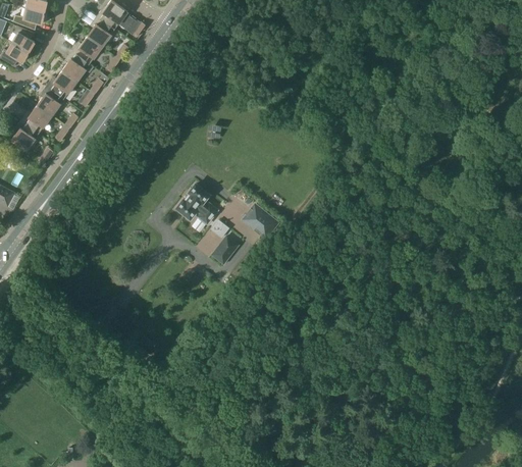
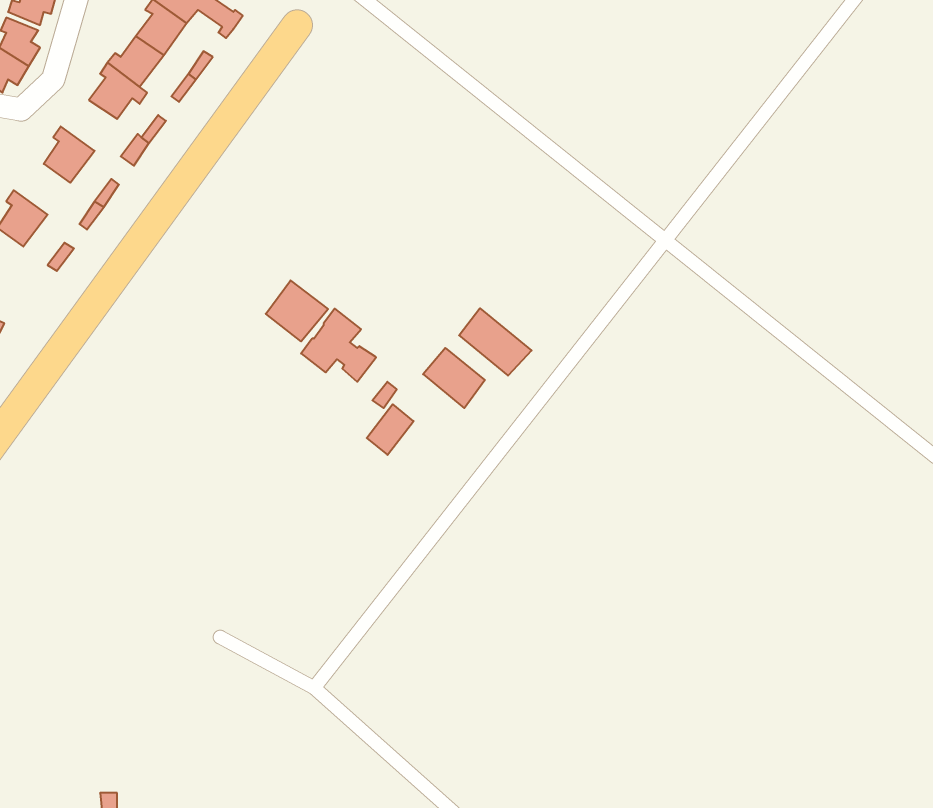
building: [46,71,76,99] -> none
building: [20,106,51,134] -> none
building: none -> [266,280,328,341]
building: none -> [459,308,532,376]

